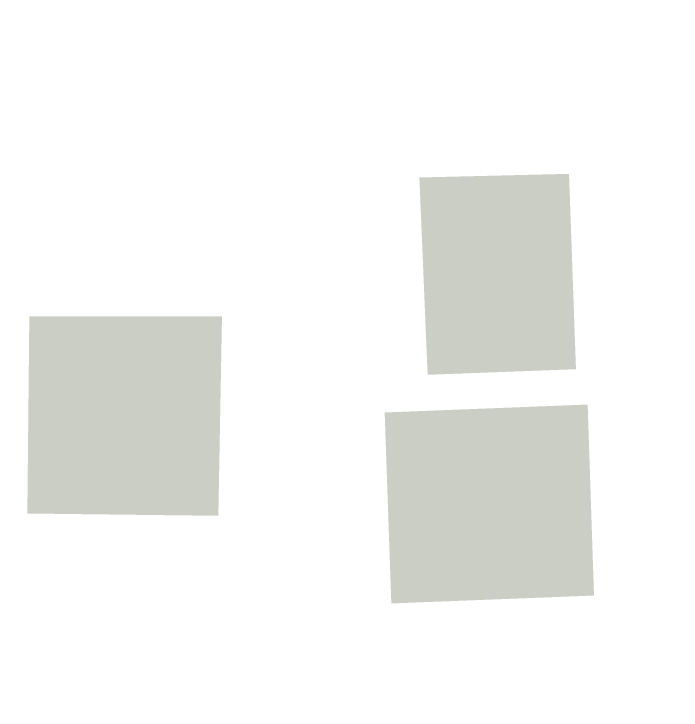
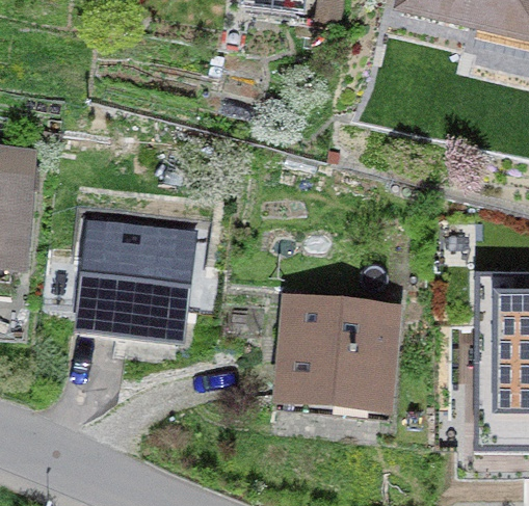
building: [419,173,577,375] -> none

